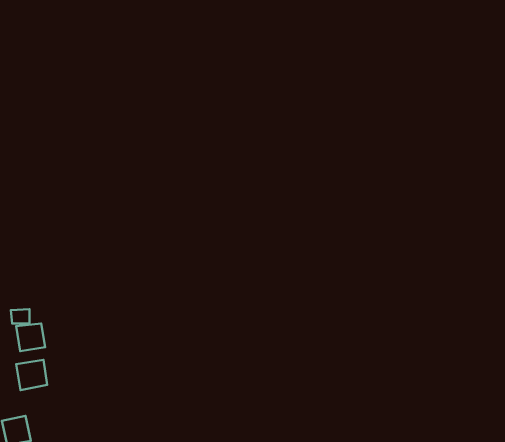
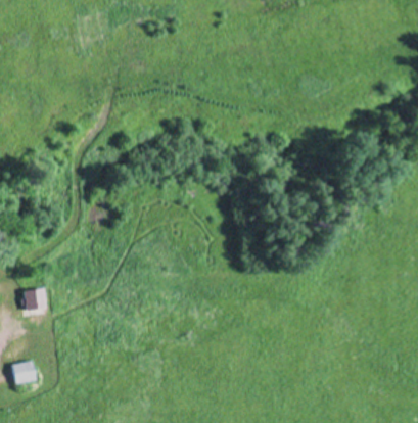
building: [16,360,47,390] -> none

